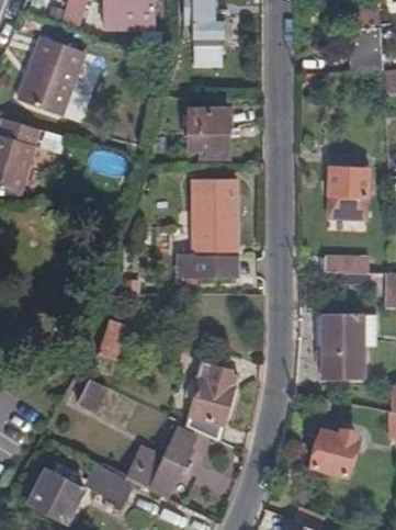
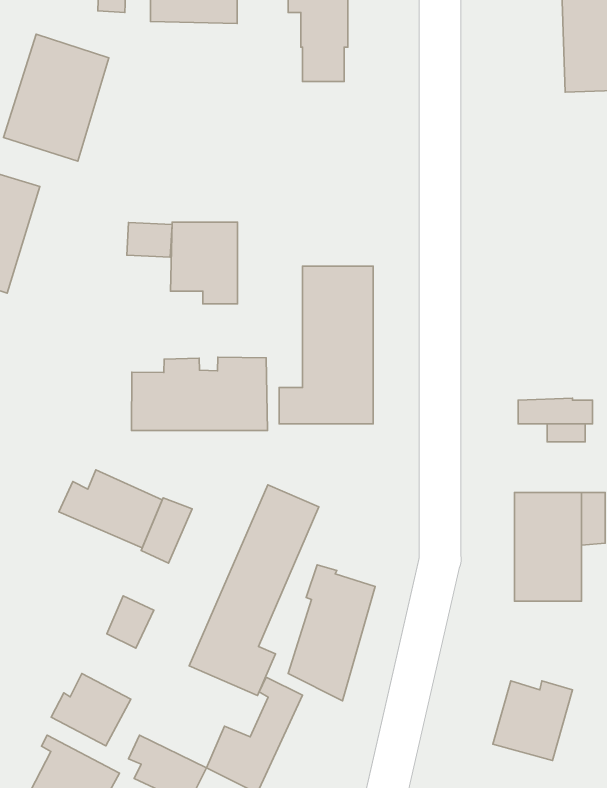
building: [195,109,236,158] -> [170,222,237,304]
building: [330,163,371,219] -> none
building: none -> [132,357,268,431]
building: none -> [59,470,162,548]
building: none -> [189,485,319,696]
building: none -> [51,673,131,746]

